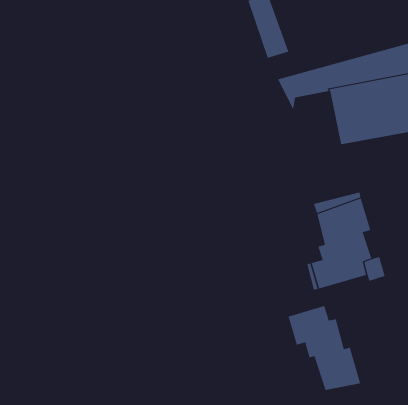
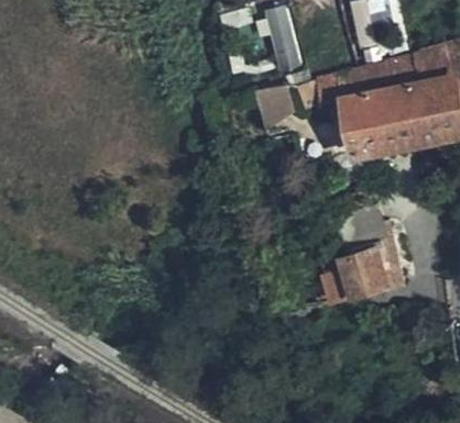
building: none -> [255,85,295,134]
building: [288,305,361,391] -> none

